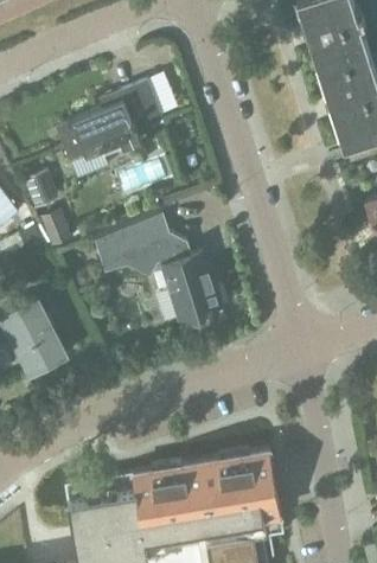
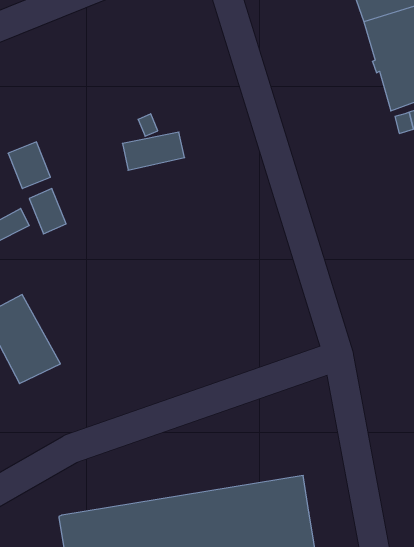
building: [56,82,161,181] -> none
building: [92,206,223,321] -> none

